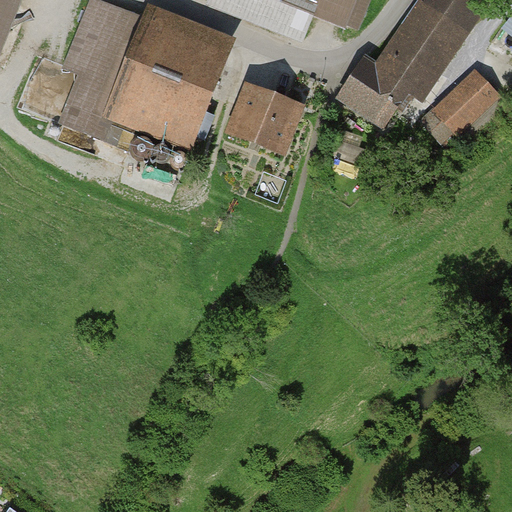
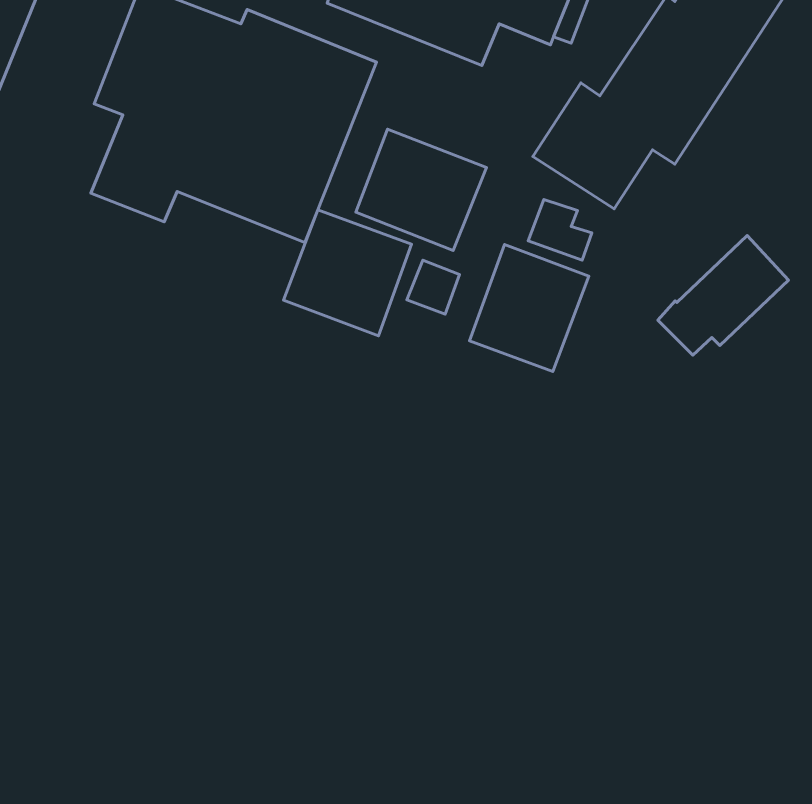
building: [418,65,500,140] -> [658,235,788,355]
building: none -> [284,210,411,336]
building: none -> [470,245,589,371]

